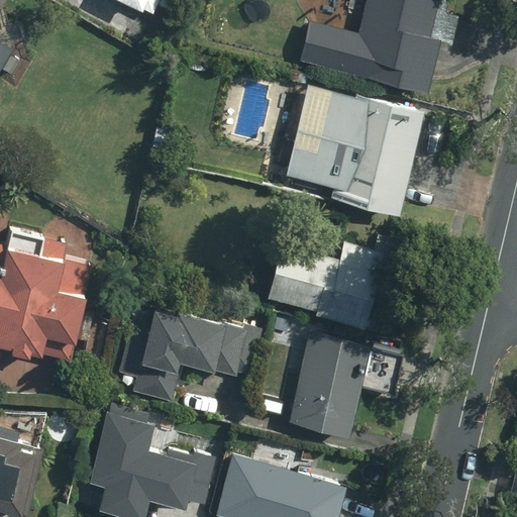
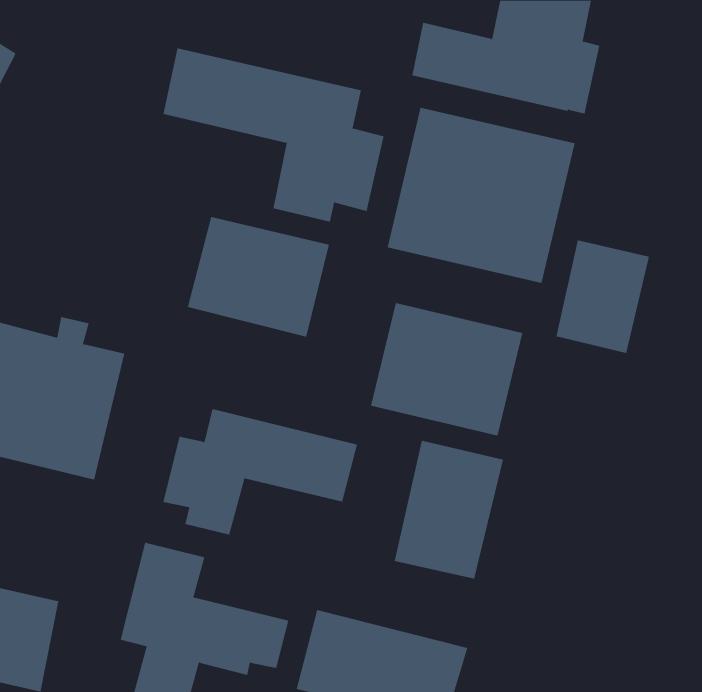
building: none -> [163,47,384,222]
building: none -> [187,216,329,338]
building: none -> [556,239,650,354]

